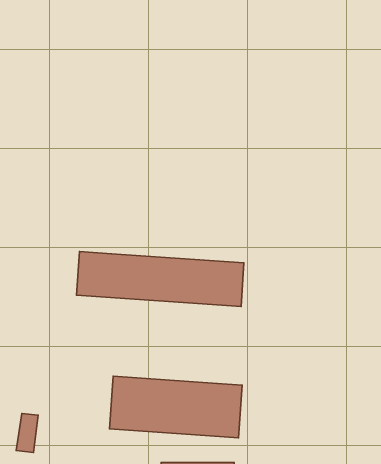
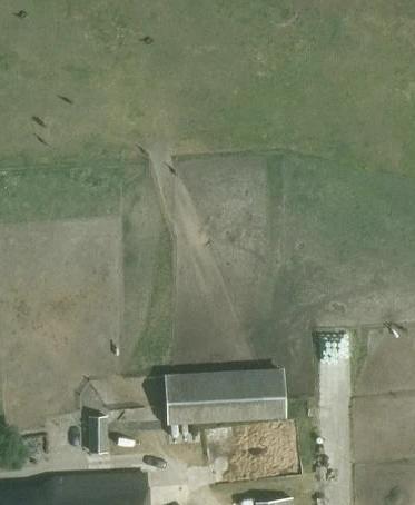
building: [76,251,244,307] -> none

